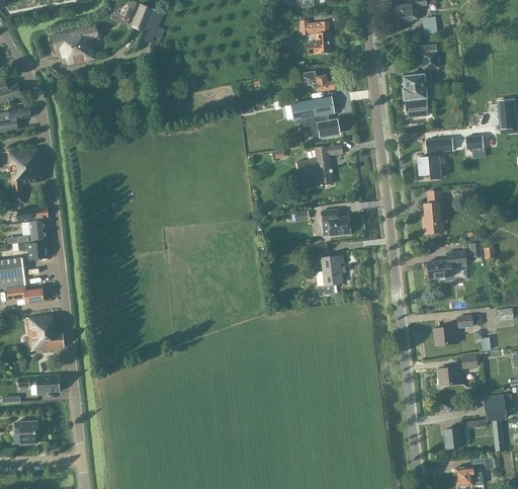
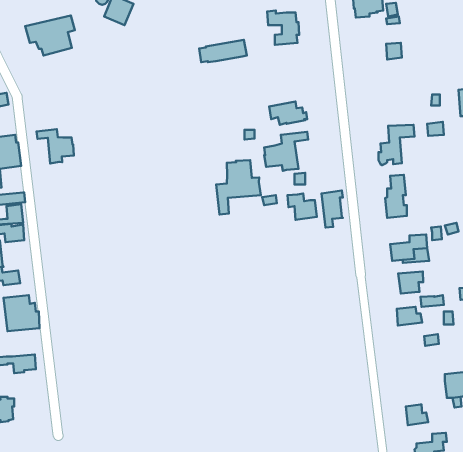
building: [304,70,334,92] -> none
building: [403,74,430,111] -> none
building: [284,96,334,119] -> [199,40,247,62]
building: none -> [37,129,74,163]
building: none -> [216,160,261,215]
building: [321,255,343,294] -> [321,191,343,228]
building: none -> [398,271,423,294]
building: [438,366,463,386] -> none

